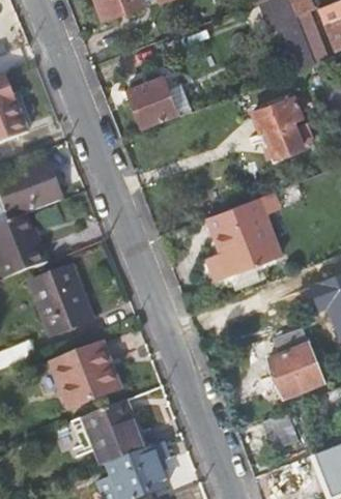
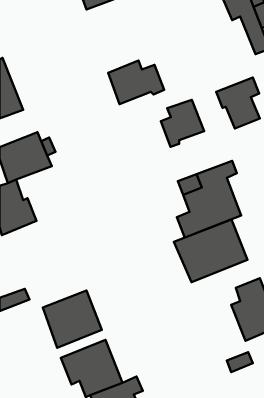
building: none -> [161,100,204,147]
building: none -> [174,220,248,282]
building: [30,268,91,335] -> none

